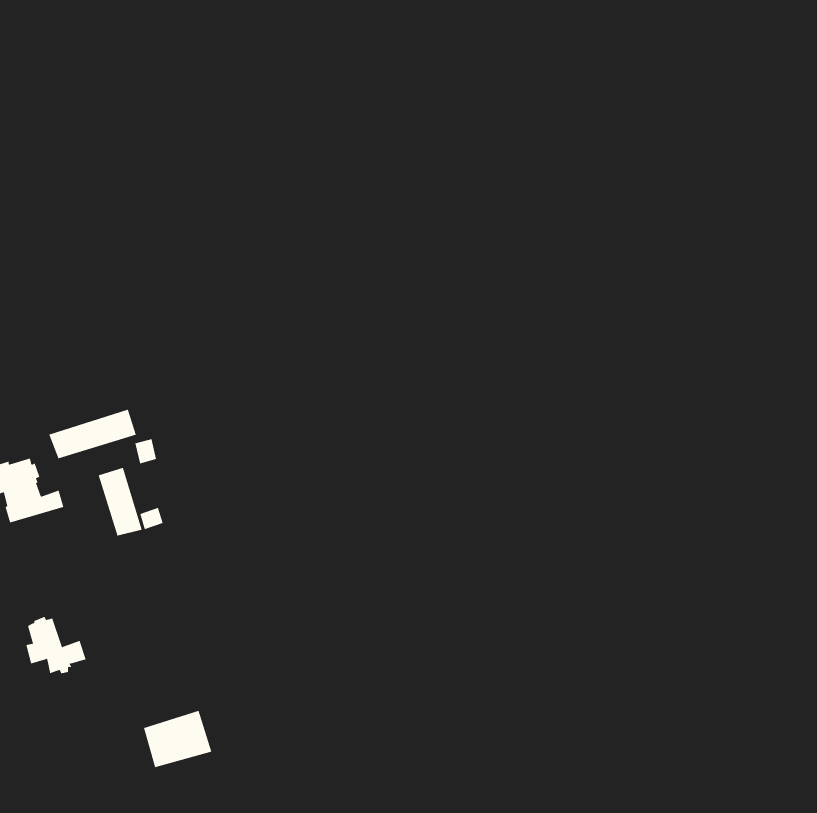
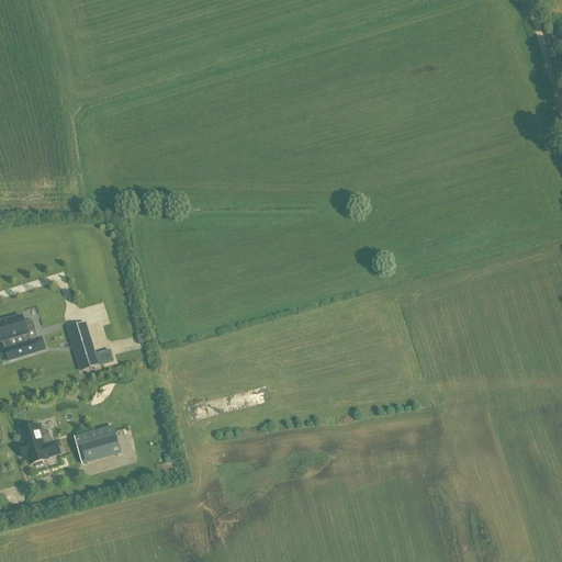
building: [48,409,136,459] -> none
building: [143,710,212,768] -> [74,424,121,463]

